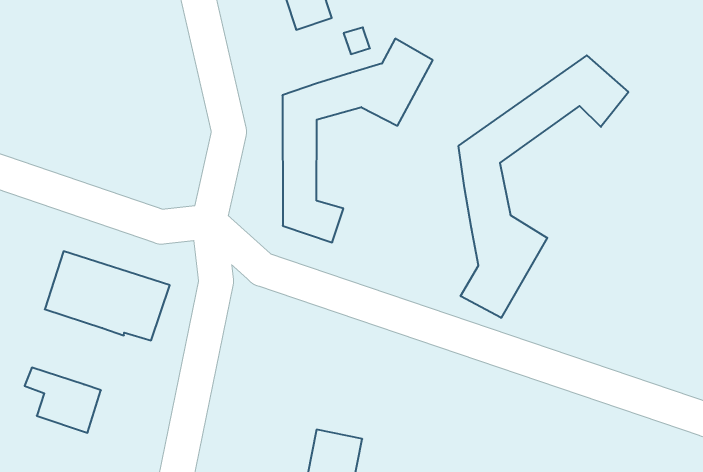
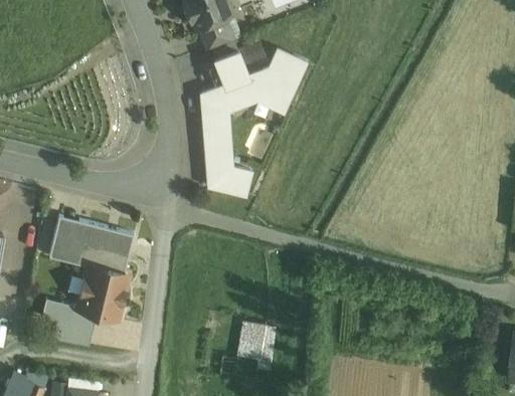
building: none -> [214,50,247,85]
building: [459,55,628,318] -> none
building: none -> [78,266,126,319]

